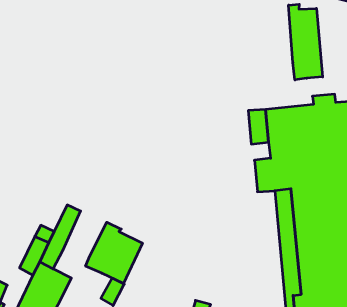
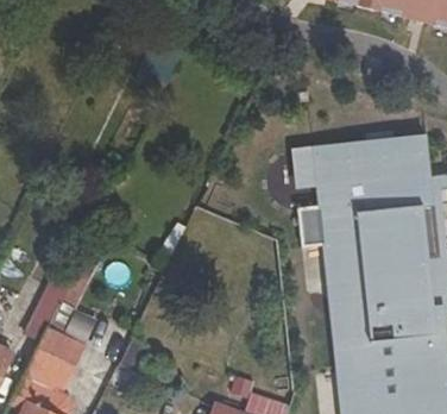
building: [289,4,323,80] -> none
building: [86,222,142,283] -> none

